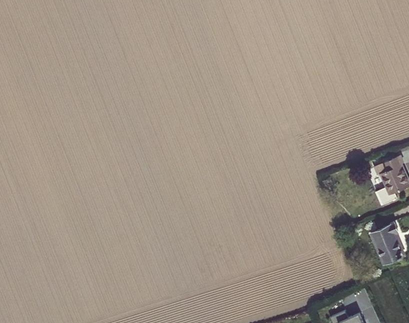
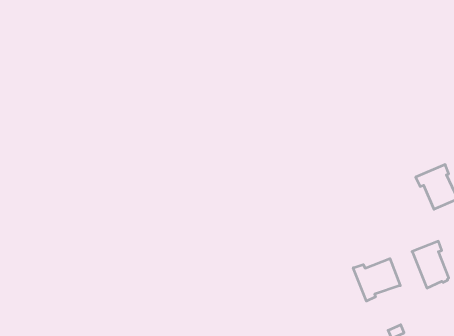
building: none -> [353,259,400,301]

